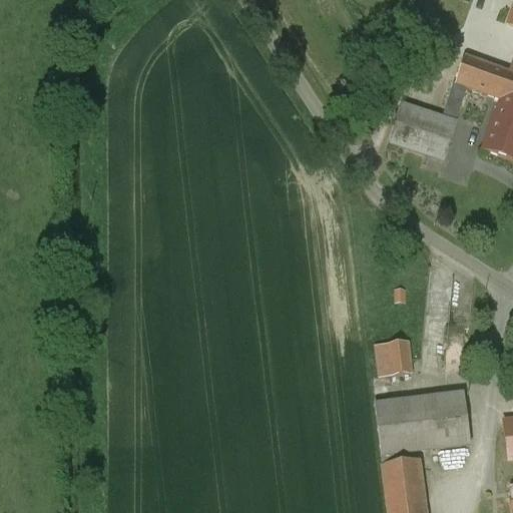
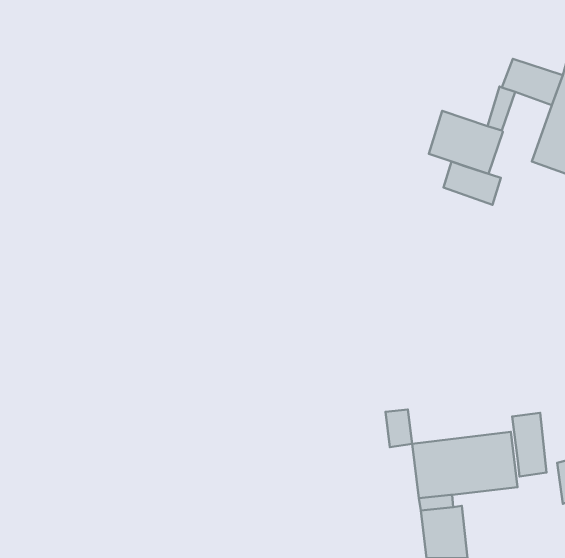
building: none -> [444,161,501,205]
building: [387,339,411,373] -> [386,410,412,447]
building: none -> [512,413,546,477]

